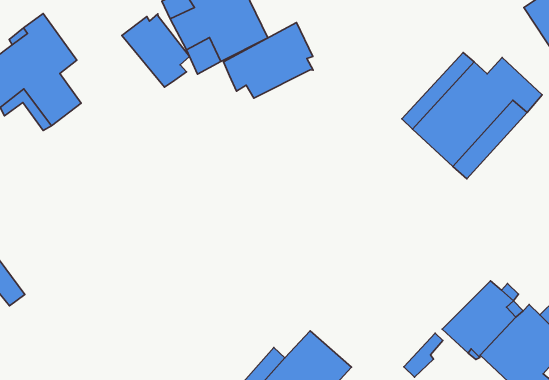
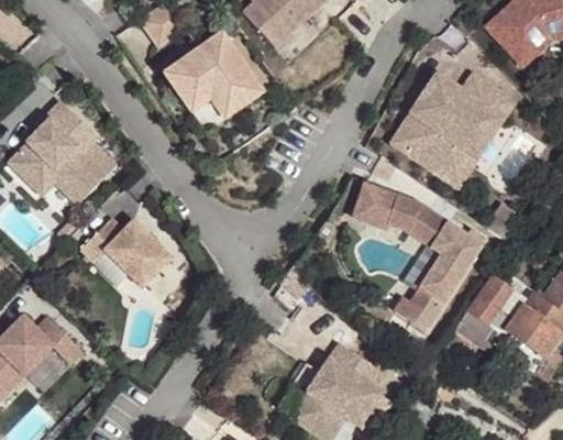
building: [122,14,189,87] -> none
building: [223,23,313,98] -> none
building: none -> [78,221,169,292]
building: none -> [352,183,482,330]

